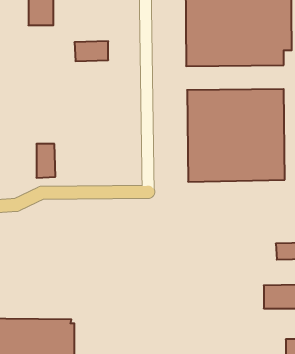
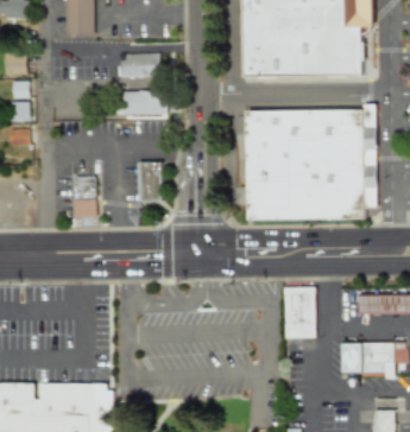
building: none -> [120,89,164,115]
building: none -> [135,161,160,202]
building: none -> [282,286,314,338]

